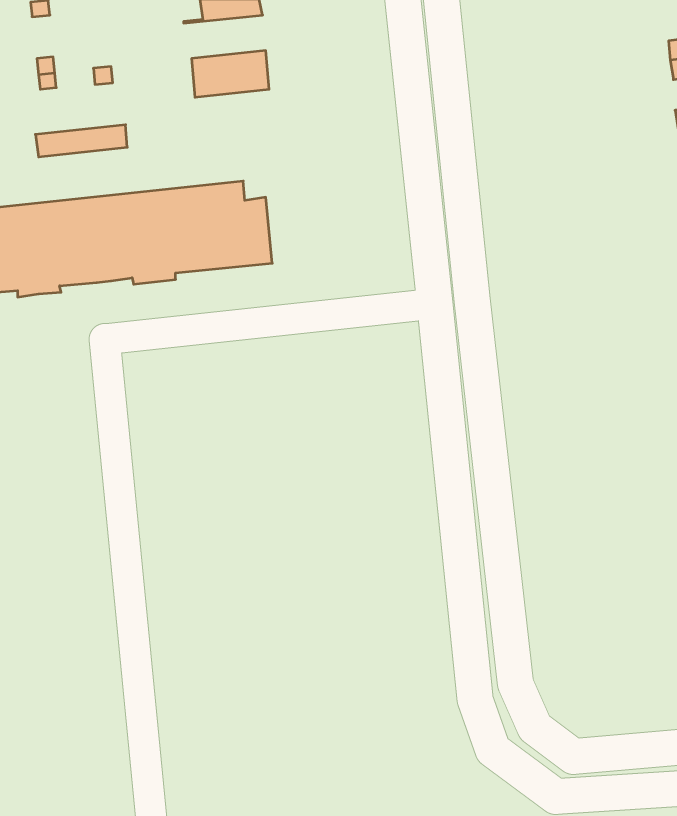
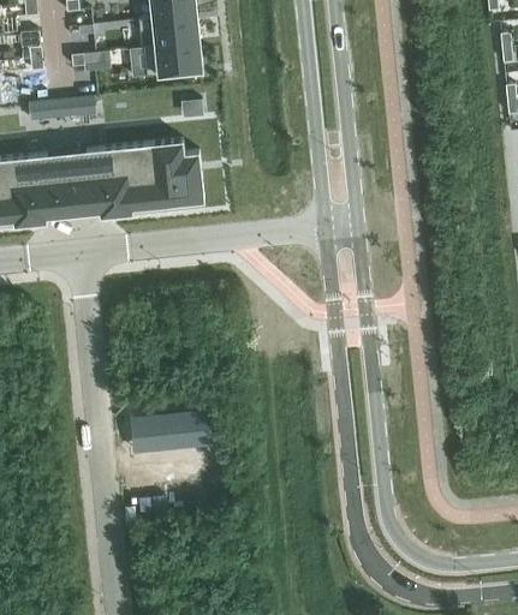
building: none -> [138,17,200,49]
building: none -> [131,413,202,454]

